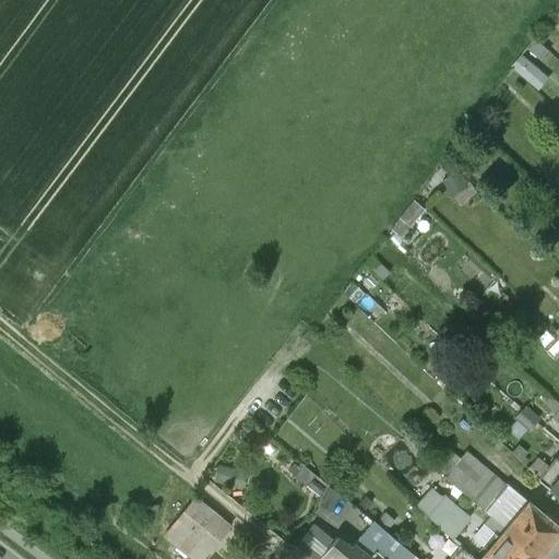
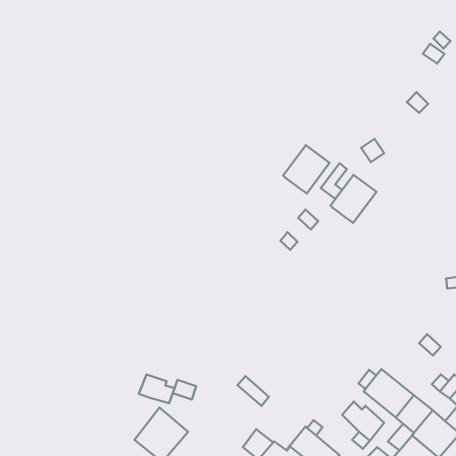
building: none -> [283,145,330,193]
building: none -> [330,175,376,223]
building: none -> [139,375,175,403]

